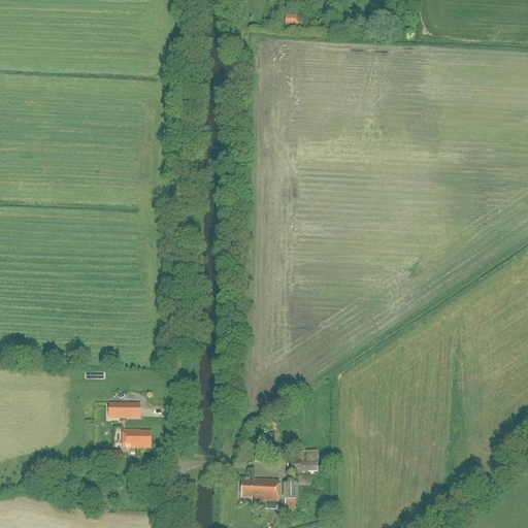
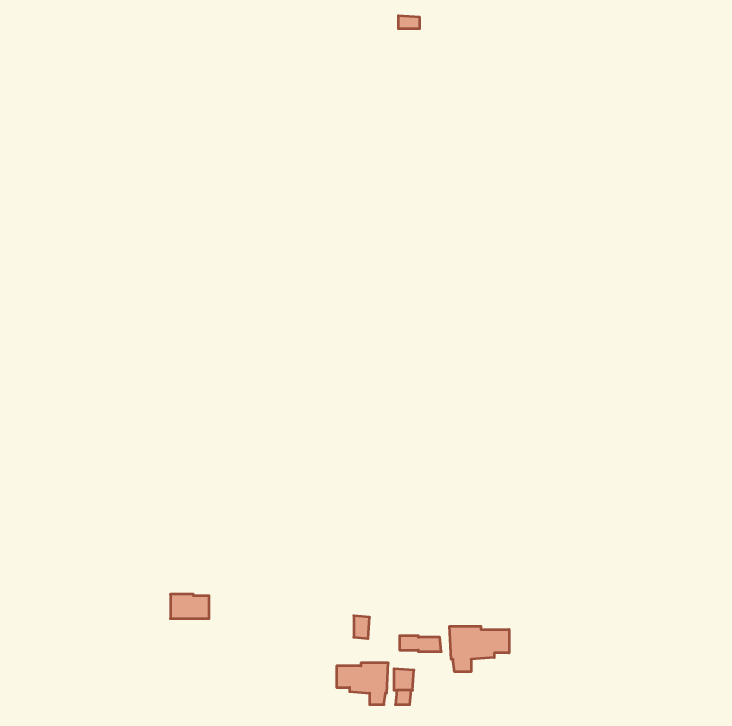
building: [108,401,140,416] -> none
building: none -> [450,626,509,672]

